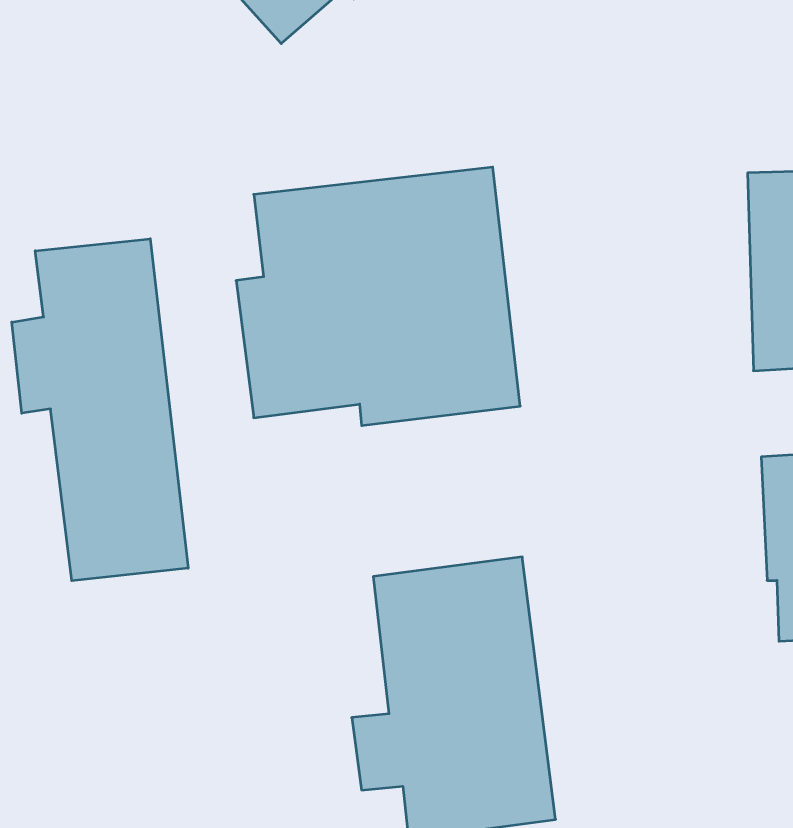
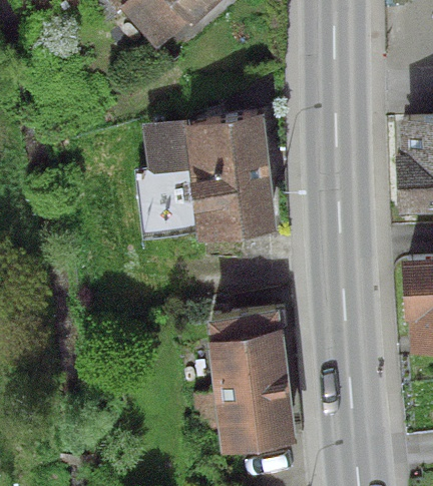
building: [12,239,188,581] -> none

